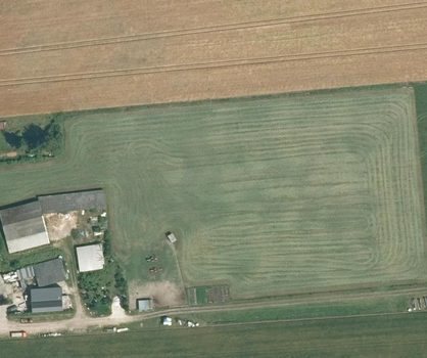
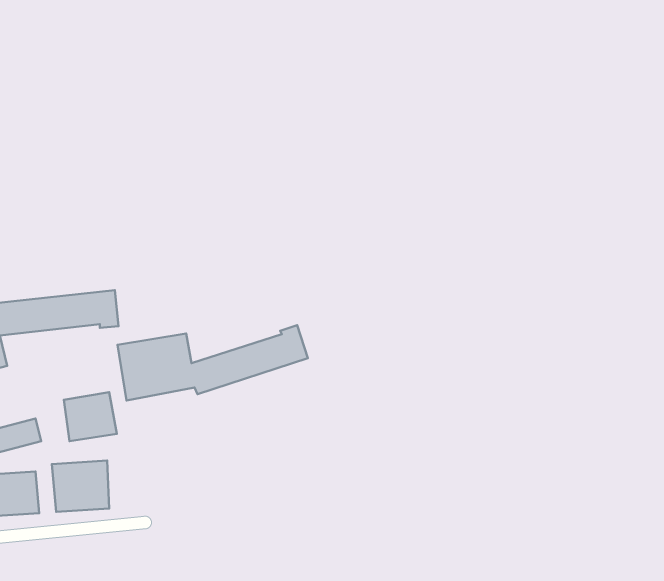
building: none -> [117,325,308,401]
building: none -> [52,460,109,512]

